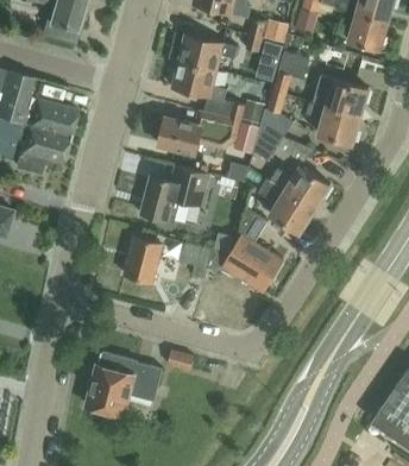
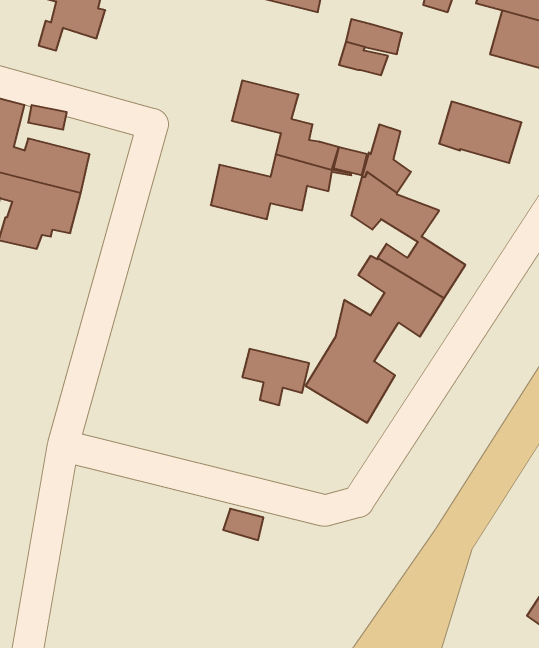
building: [180,33,234,69] -> none
building: [272,51,309,94] -> none
building: [307,102,360,144] -> none
building: [140,165,209,222] -> none
building: [125,235,166,282] -> none
building: [87,351,163,416] -> none

